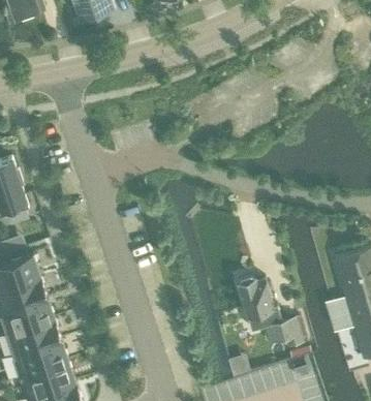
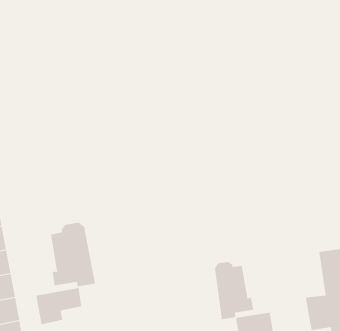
building: none -> [36,222,96,325]

